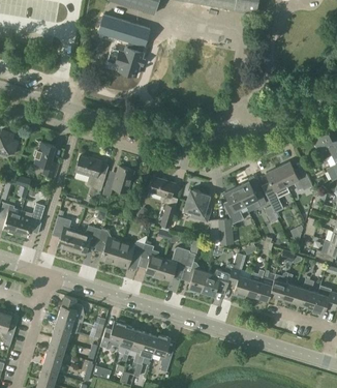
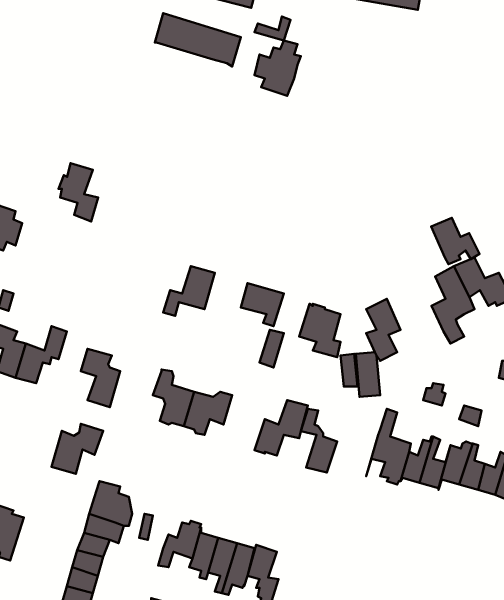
building: [115,42,143,76] -> [254,41,301,96]
building: [33,142,57,177] -> [59,163,98,222]
building: [74,155,105,190] -> none
building: [237,181,266,209] -> [431,218,479,264]
building: [70,226,101,256] -> [52,424,103,474]
building: [141,243,163,277] -> none
building: [201,264,233,295] -> none

